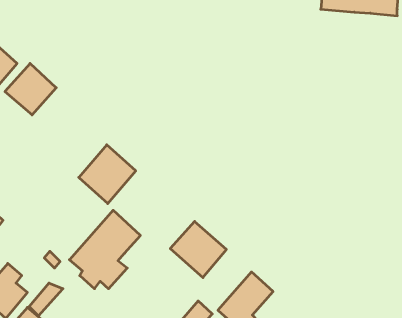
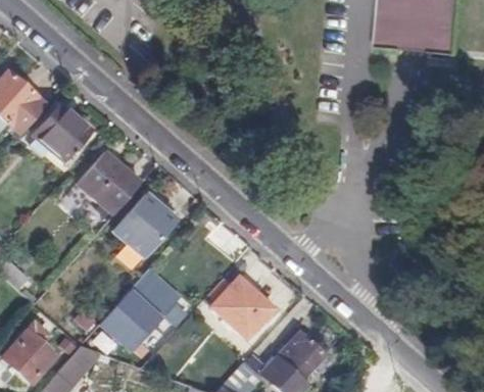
building: none -> [76,151,140,215]

